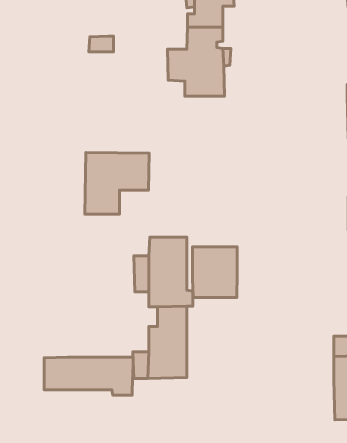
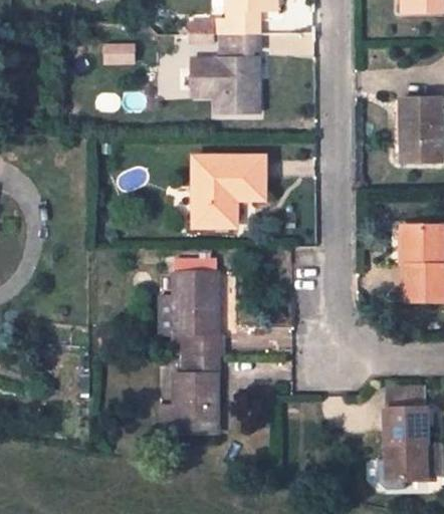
building: [85,152,149,214] -> [192,157,265,227]
building: [192,247,237,298] -> none
building: [44,357,133,395] -> none

